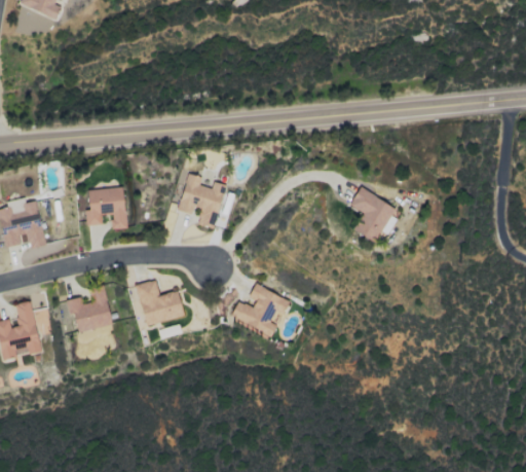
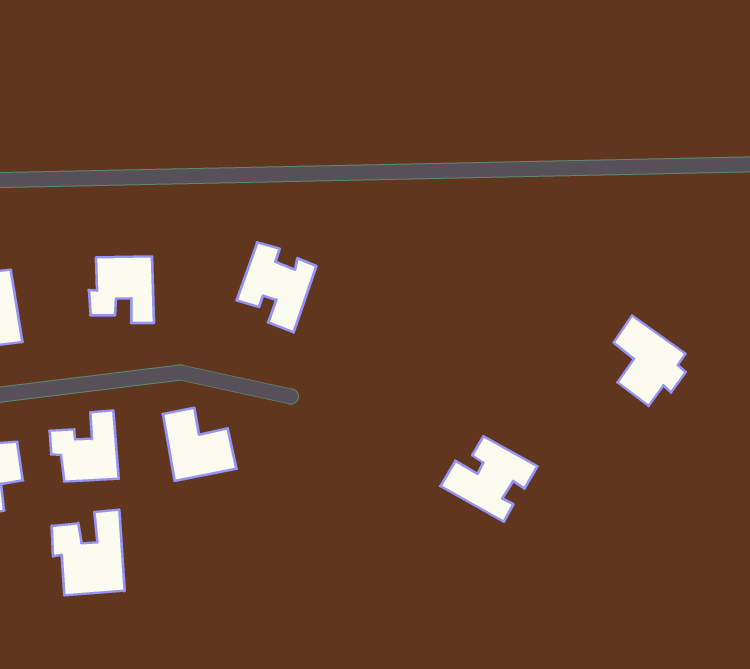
building: [349,187,396,243] -> [614,316,686,406]
building: [230,285,290,337] -> [440,436,537,522]
building: none -> [52,510,124,595]

